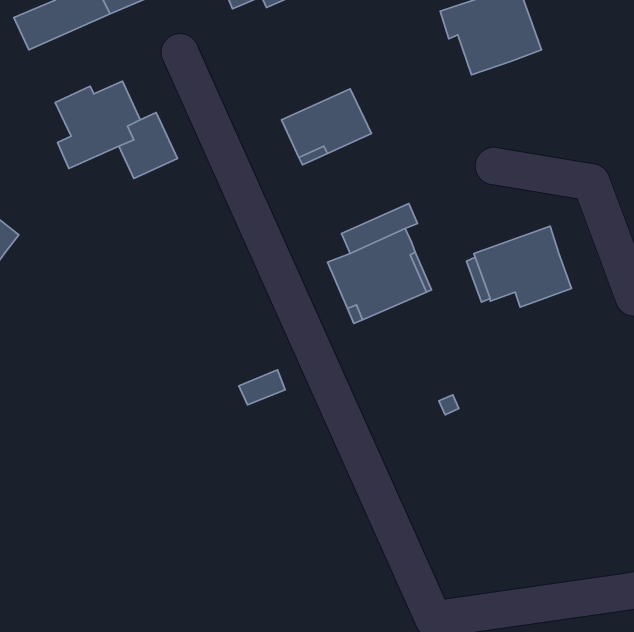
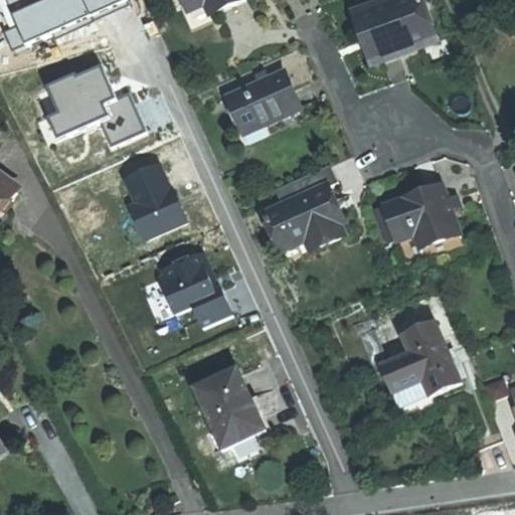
building: none -> [121,159,183,240]
building: none -> [154,251,215,312]
building: none -> [378,320,461,419]
building: none -> [194,368,265,449]

